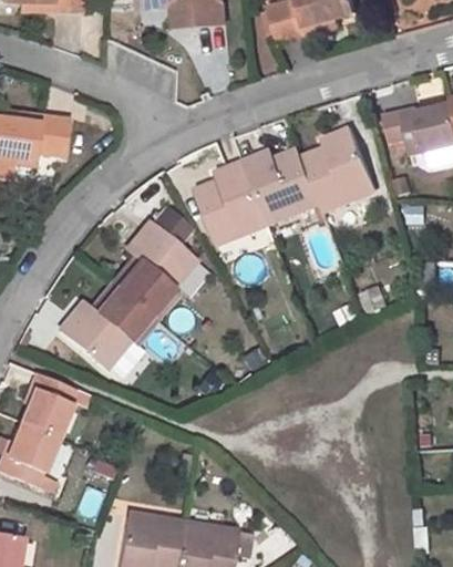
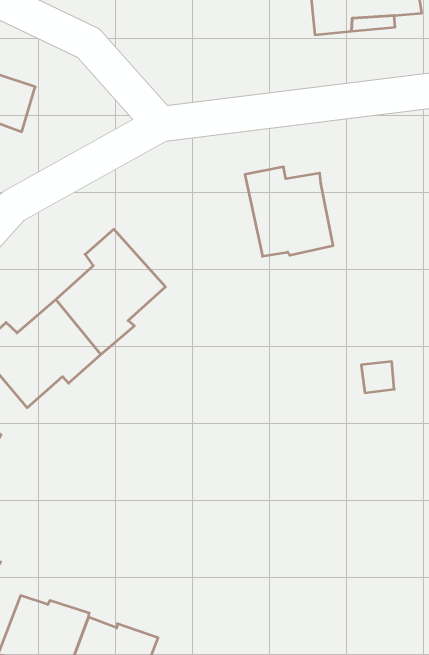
building: [302,127,374,212] -> none
building: [194,159,267,243] -> none

